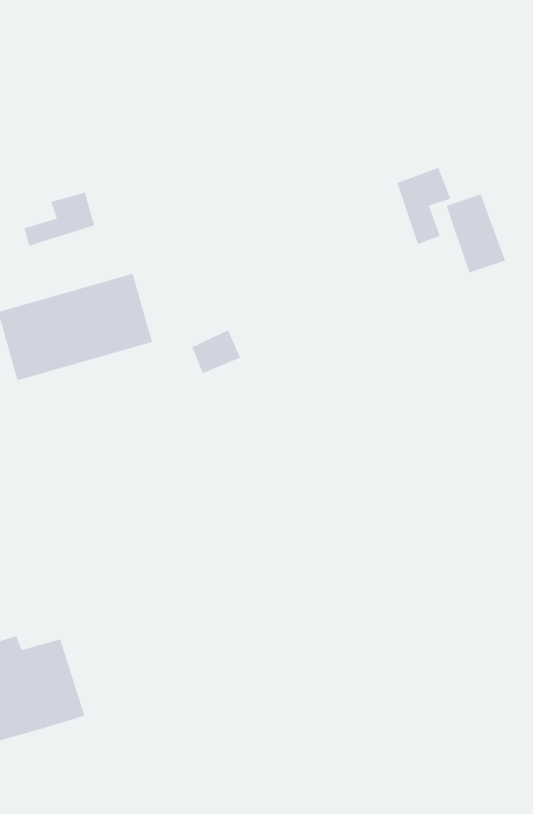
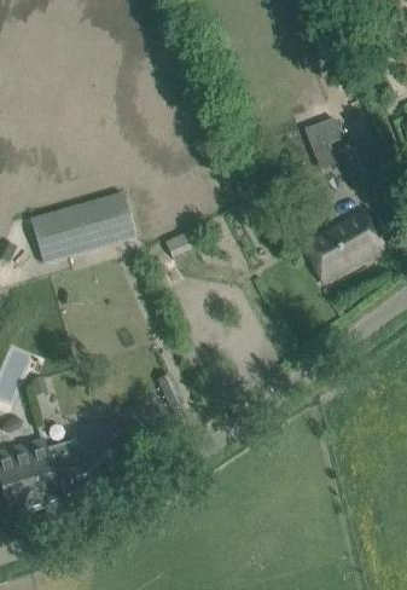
building: [24,192,95,246] -> none
building: none -> [303,208,388,282]

